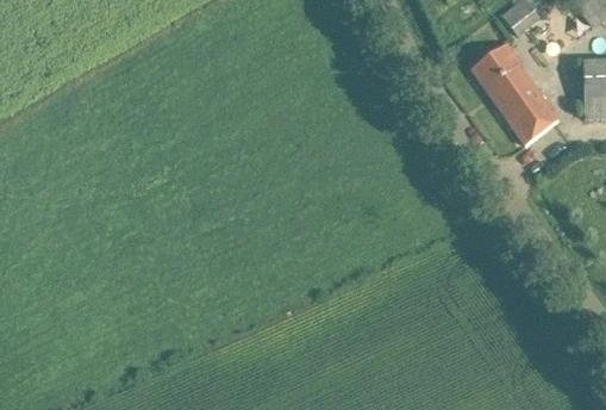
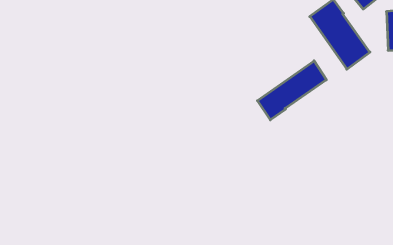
building: none -> [257,61,326,120]

